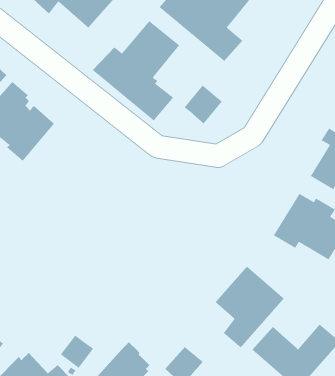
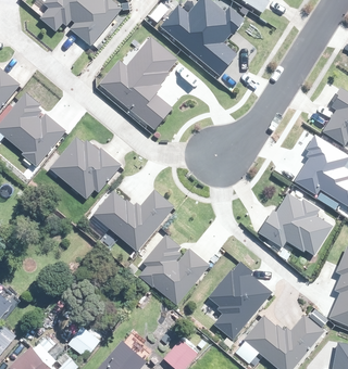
building: [183,84,223,125] -> none
building: none -> [41,131,123,204]
building: none -> [94,192,174,251]
building: none -> [130,236,204,306]

